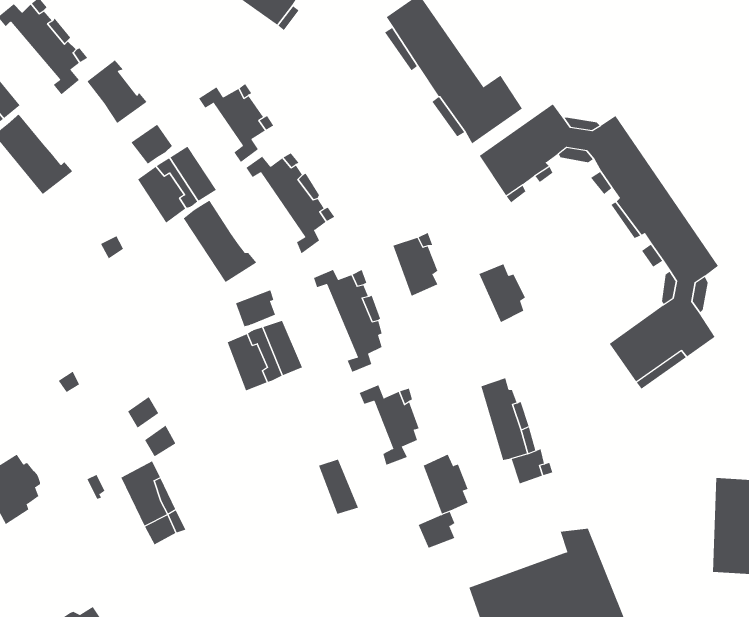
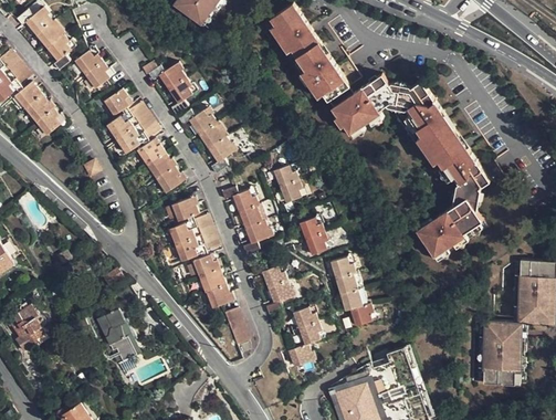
building: [478,264,526,323] -> [298,213,329,252]
building: none -> [193,253,237,309]

